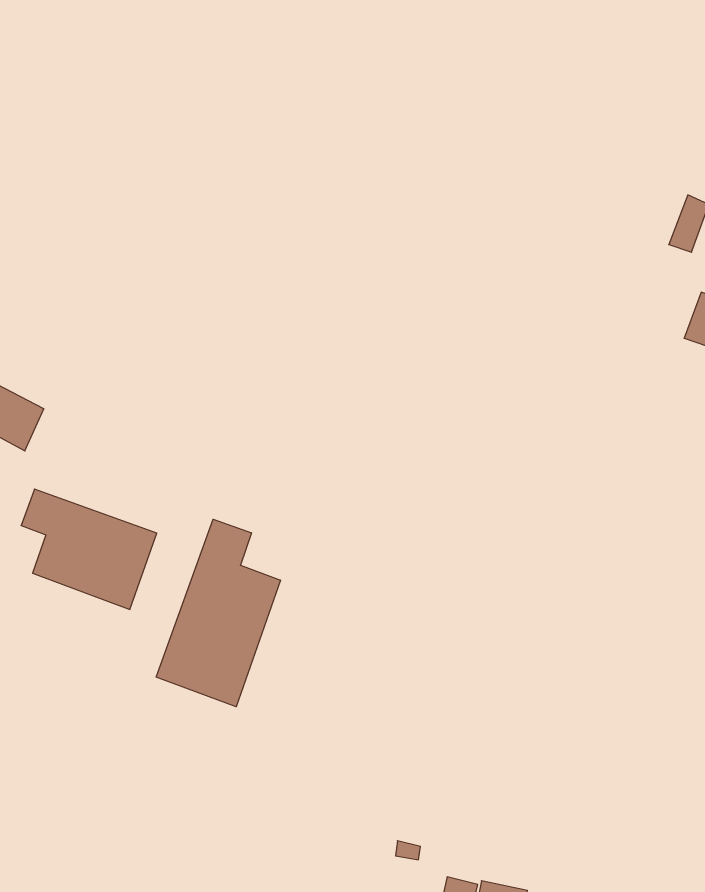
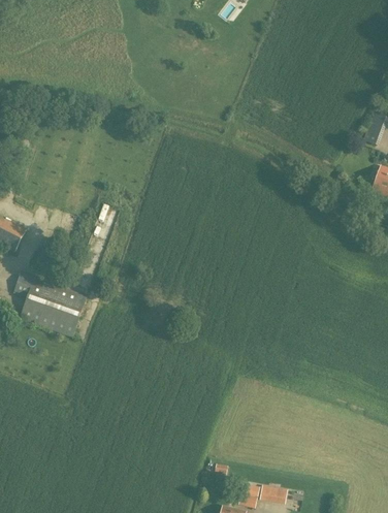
building: [156,519,280,707] -> none

